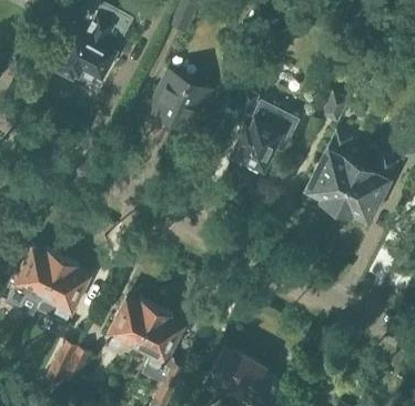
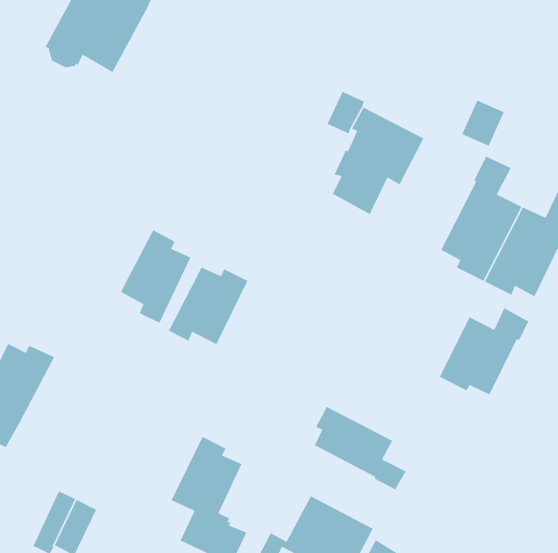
building: [150,70,211,131] -> none
building: none -> [439,307,530,395]
building: [42,257,88,317] -> [120,229,191,324]
building: none -> [314,406,407,490]
building: [105,298,156,348] -> [168,266,248,345]

